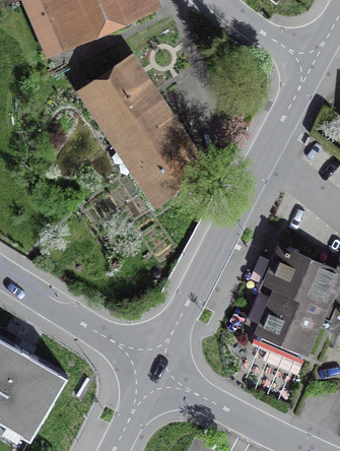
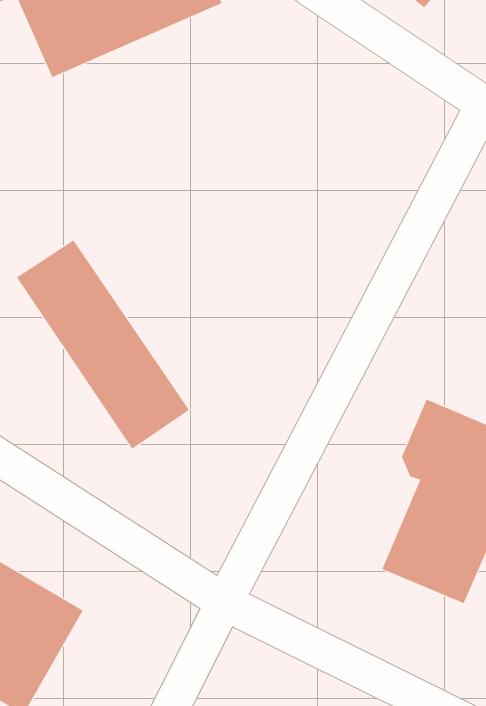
building: [88,67,195,196] -> [16,239,190,450]

